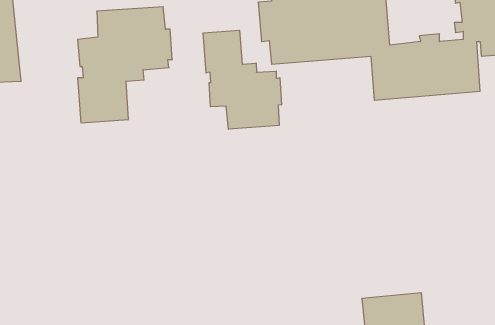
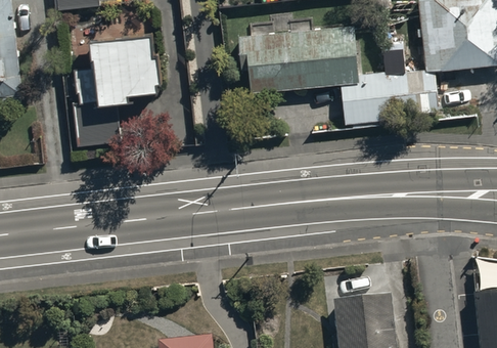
building: [203,30,282,129] -> none

